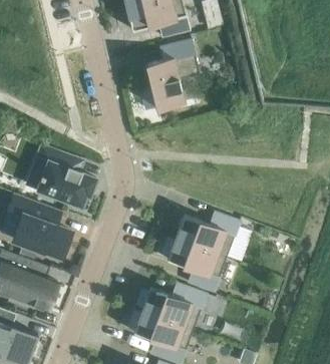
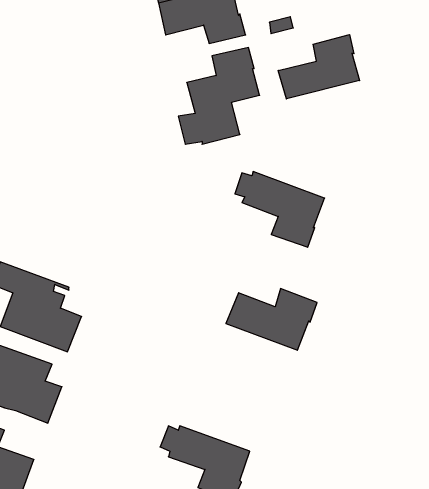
building: none -> [278,35,360,99]
building: [34,145,95,207] -> none
building: [161,239,226,293] -> [235,172,325,247]
building: [135,286,206,330] -> none

